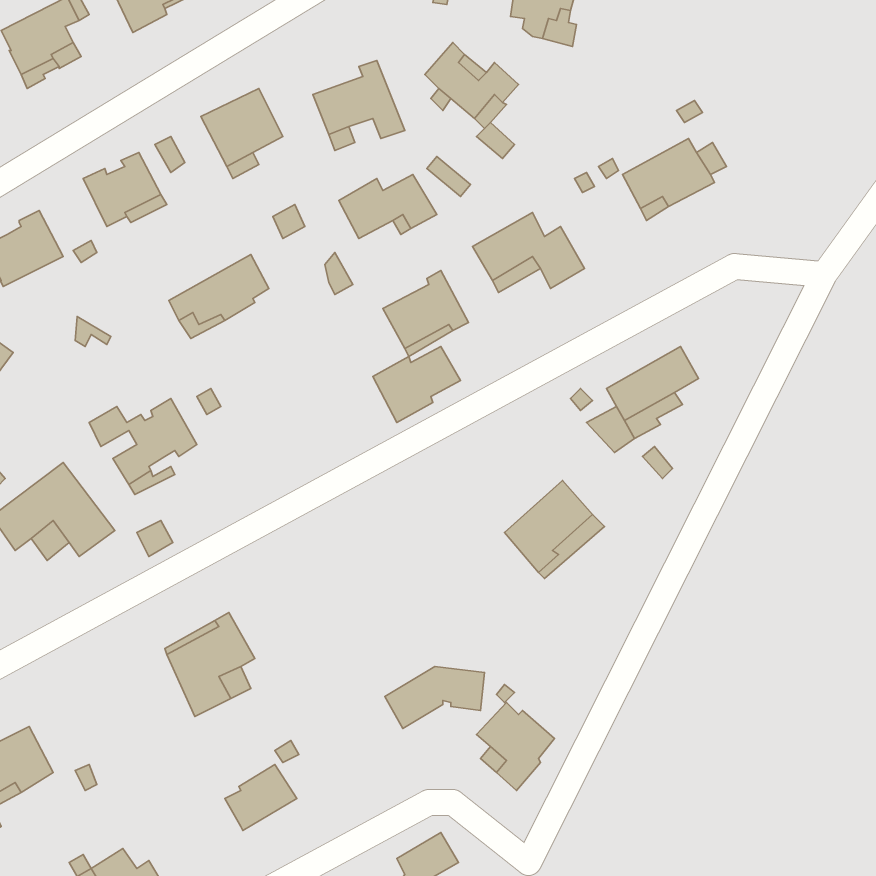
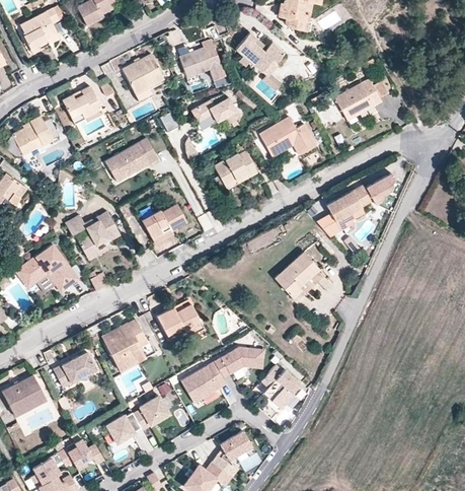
building: none -> [366,173,393,204]
building: [373,346,461,422] -> [142,204,186,242]
building: none -> [158,303,205,336]
building: none -> [55,352,96,388]
building: none -> [181,362,228,404]
building: none -> [107,413,142,443]

